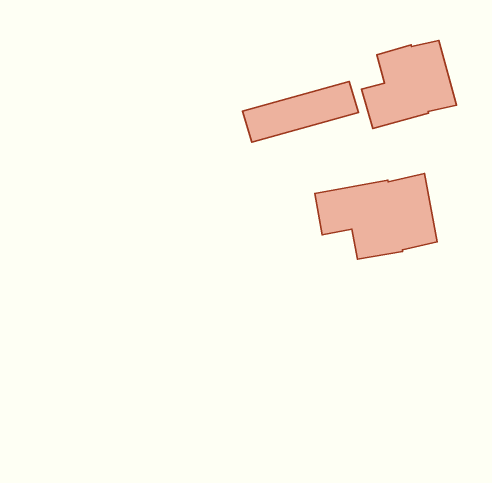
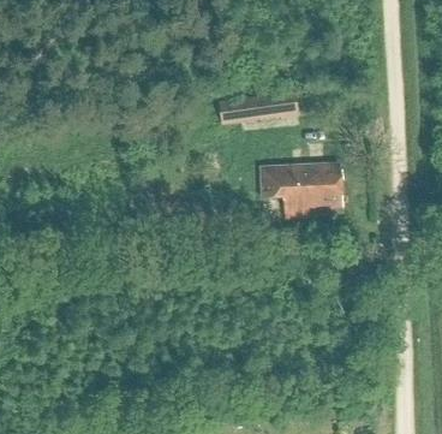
building: [362,41,457,129] -> none

